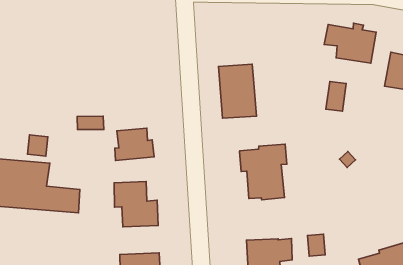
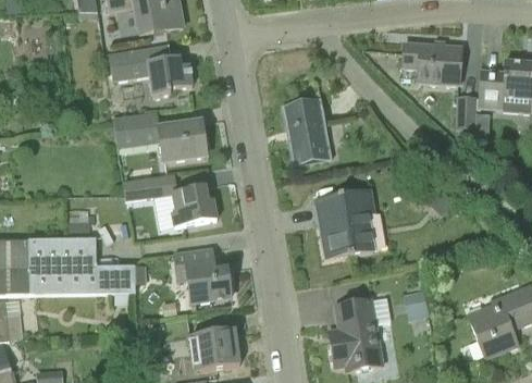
building: none -> [108,45,194,96]
building: none -> [112,111,206,162]
building: [326,82,346,111] -> [456,96,477,128]

